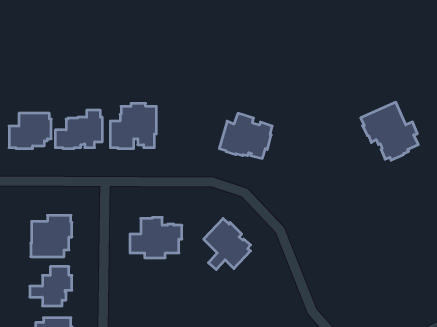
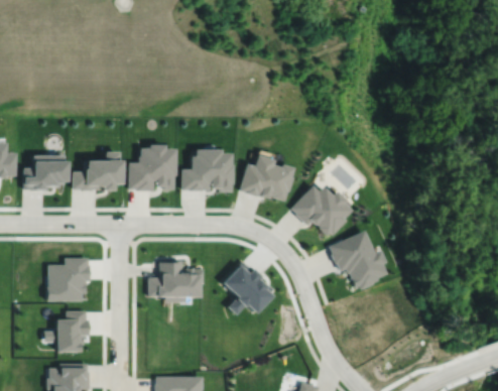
building: [361,102,418,160] -> [329,230,388,289]
building: none -> [181,148,233,191]
building: none -> [291,184,353,236]

